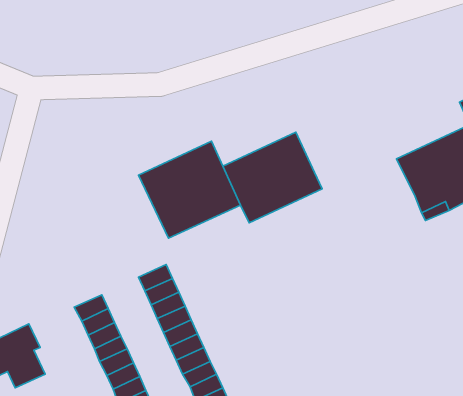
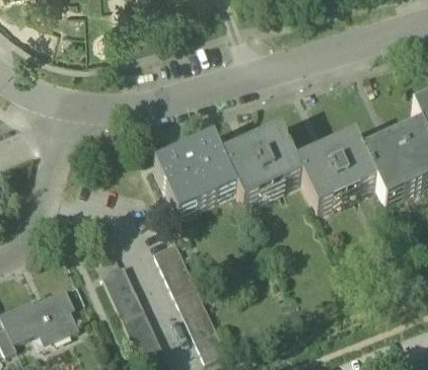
building: none -> [293,136,374,210]

